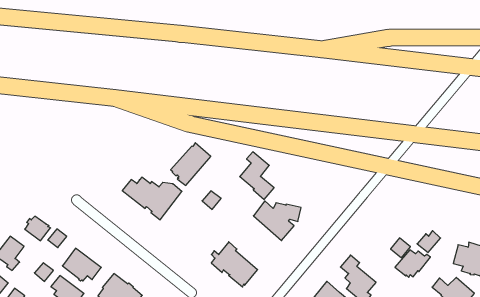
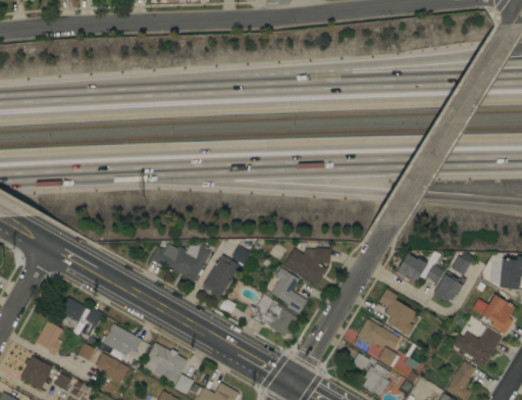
building: [171,143,211,185] -> [202,254,240,298]
building: [240,152,274,200] -> [271,267,307,313]
building: none -> [397,253,428,283]

